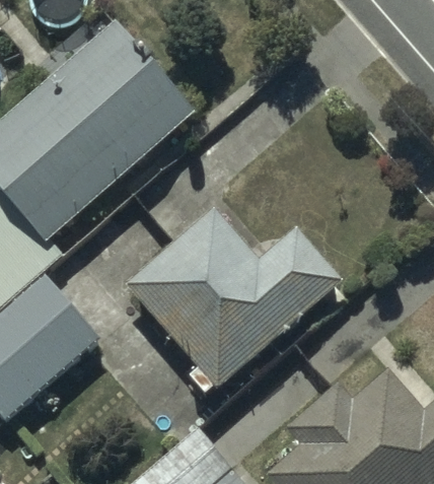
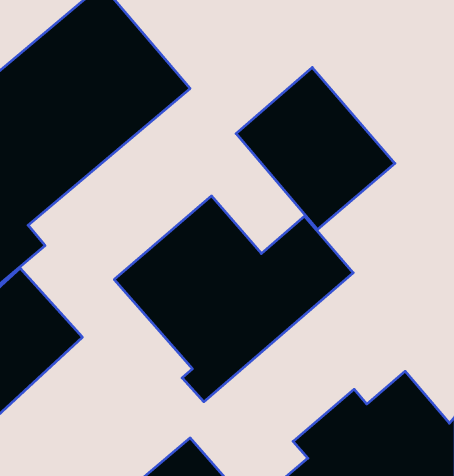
building: none -> [236,67,395,230]

